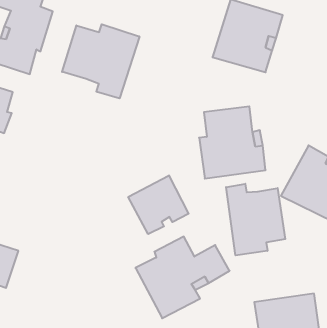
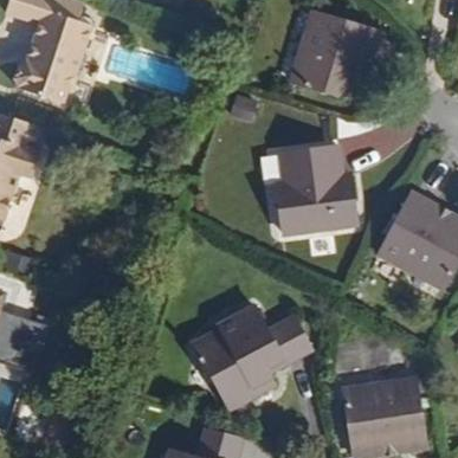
building: [62,24,139,98] -> none
building: [128,175,189,234] -> none
building: [226,184,285,255] -> none

